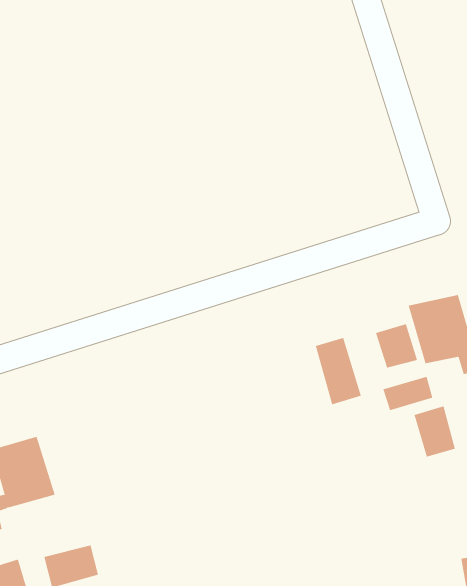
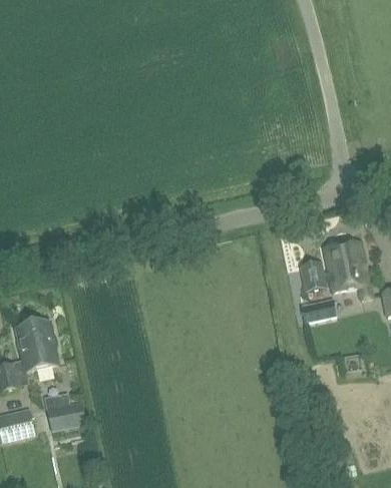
building: [315,337,361,405] -> none
building: [414,406,455,457] -> none

